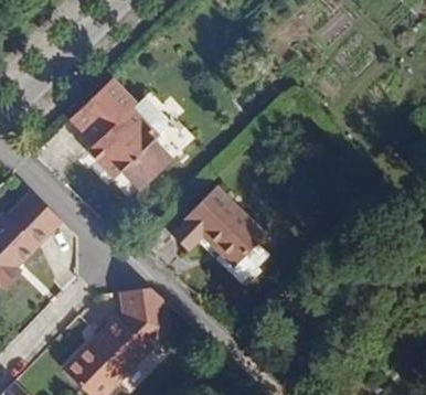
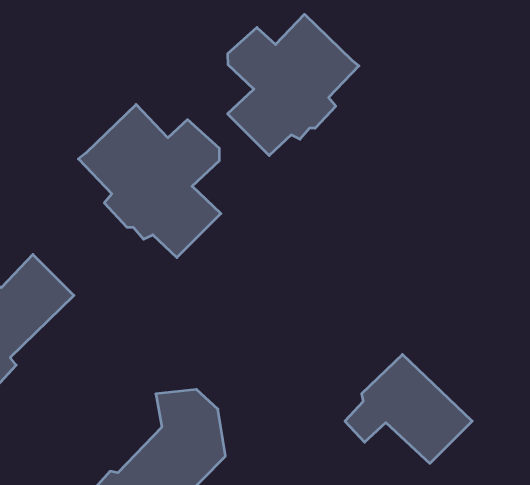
building: none -> [228,14,359,156]
building: [172,186,265,266] -> [345,354,472,463]

